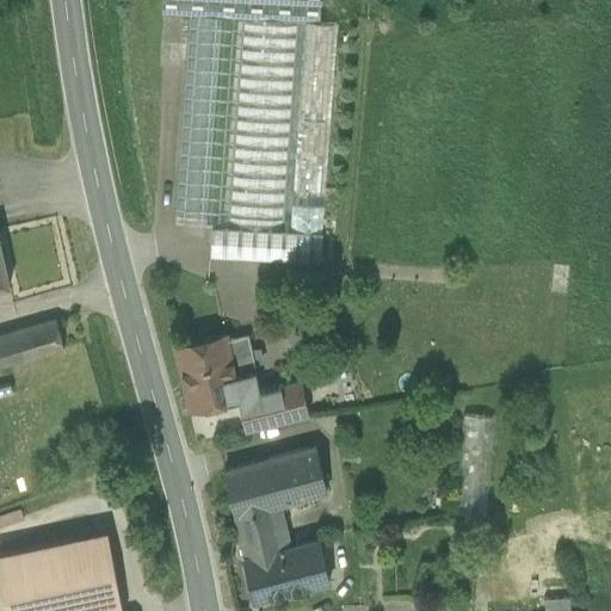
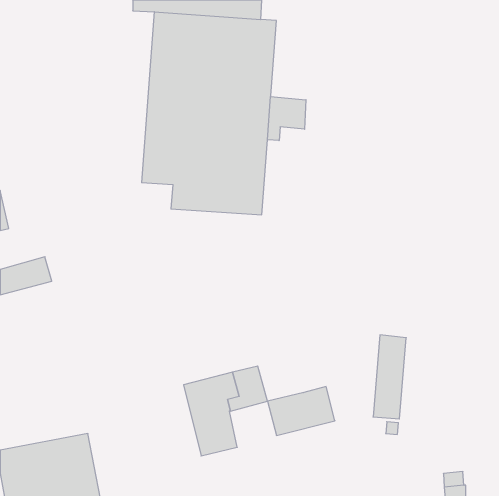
building: none -> [267,97,306,141]
building: [175,337,308,433] -> none
building: [246,543,328,603] -> [268,387,335,435]

